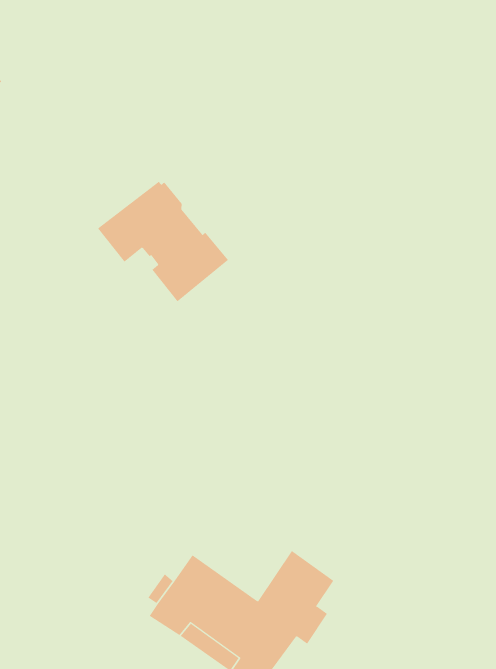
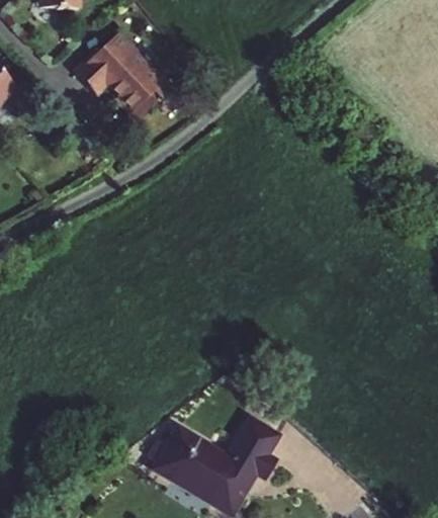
building: [97,181,229,302] -> [74,34,171,121]

